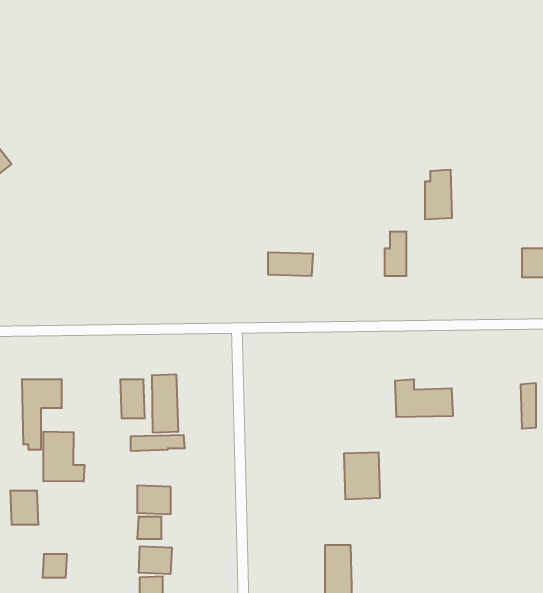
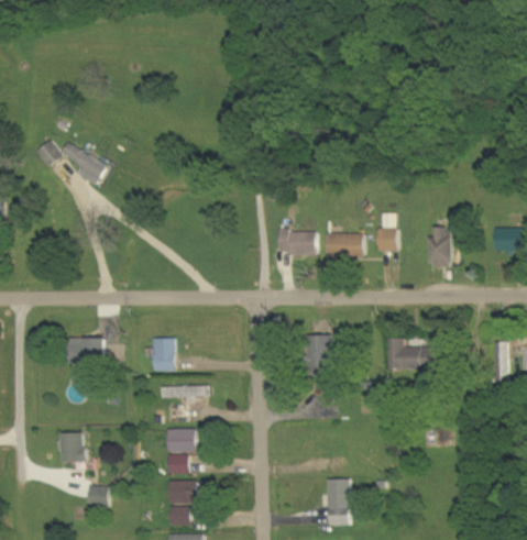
building: none -> [59,143,105,185]
building: [425,170,452,219] -> [427,225,450,267]
building: none -> [326,233,362,256]
building: [152,374,178,433] -> none
building: [43,432,84,482] -> none
building: [344,452,380,499] -> [303,334,333,374]

